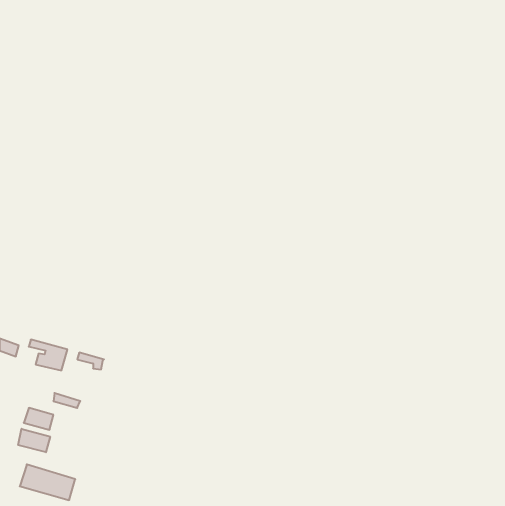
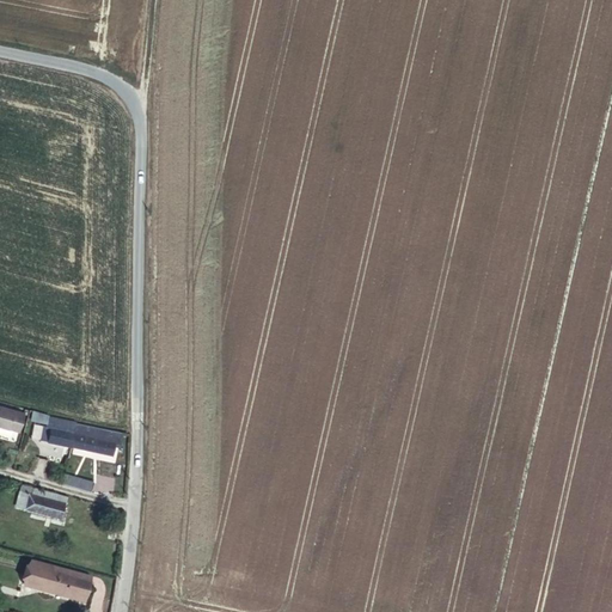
building: none -> [74,422,112,454]
building: [18,429,50,452] -> none

